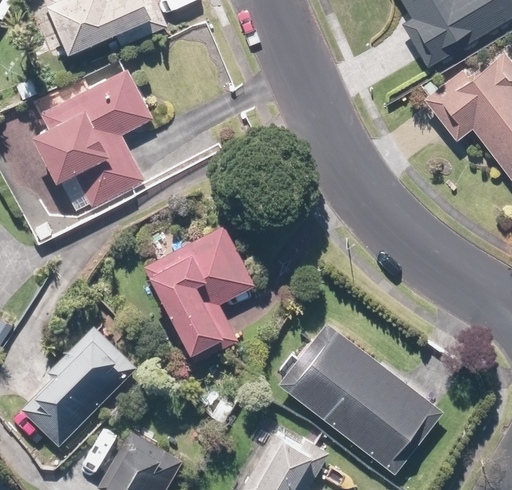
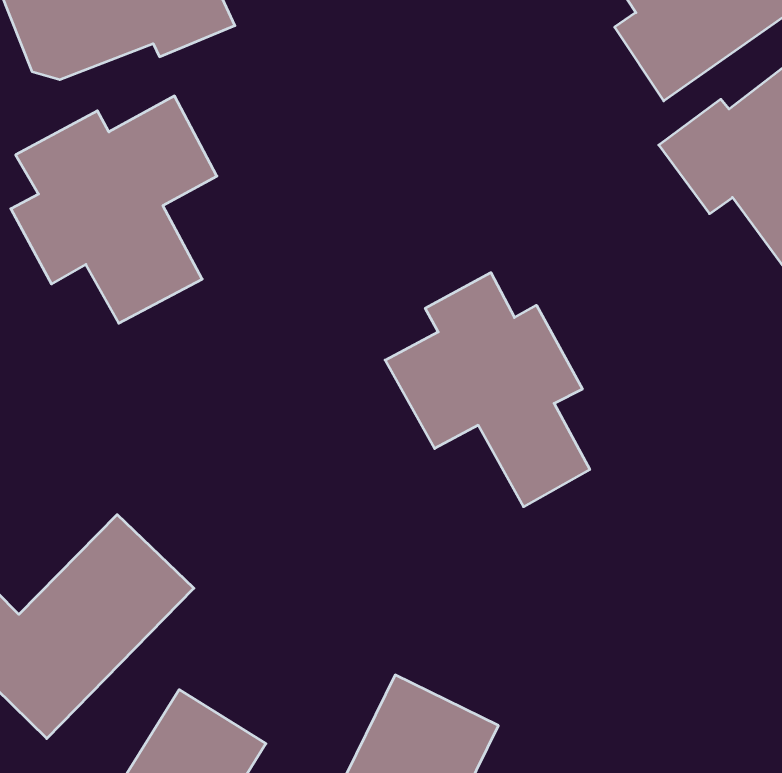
building: none -> [385,273,590,507]
building: [144,225,257,352] -> none
building: [272,320,446,477] -> none

